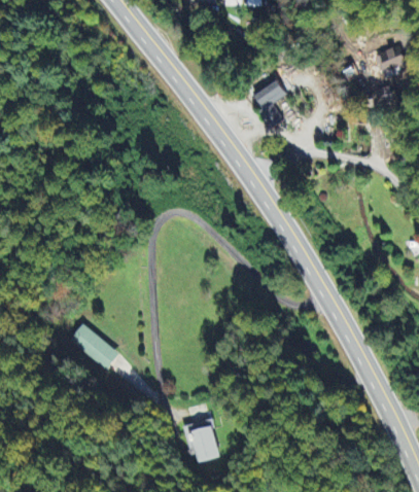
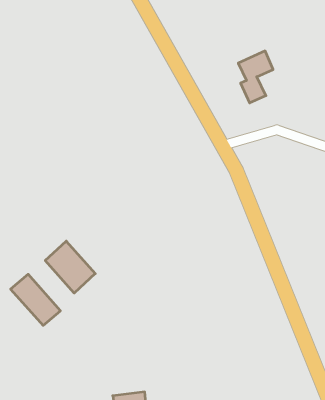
building: none -> [45,241,95,293]

